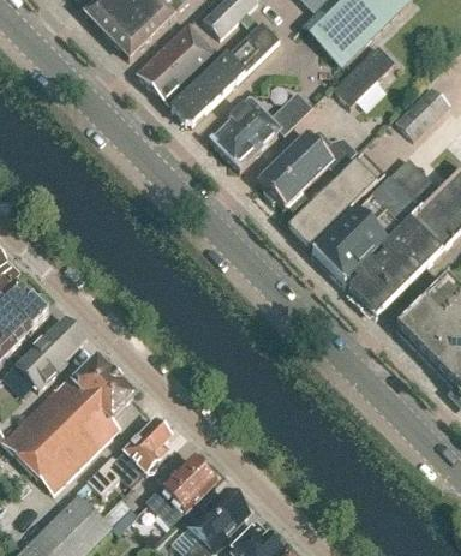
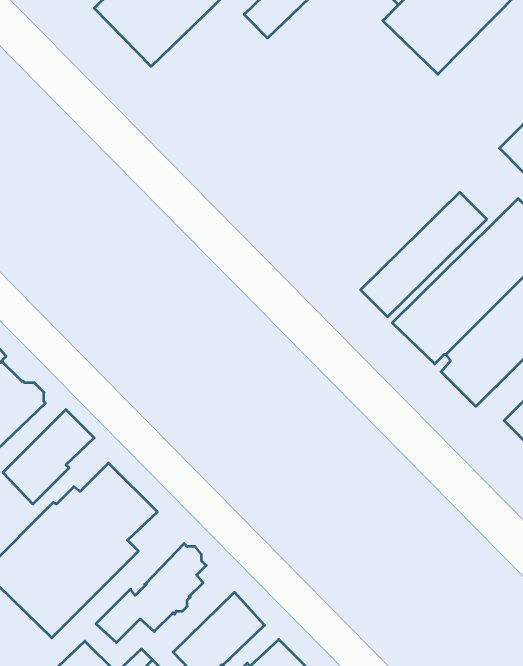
building: [172,19,280,121] -> none
building: [138,23,218,97] -> none
building: [334,42,395,103] -> none
building: [211,89,313,166] -> none
building: [257,136,327,204] -> none

